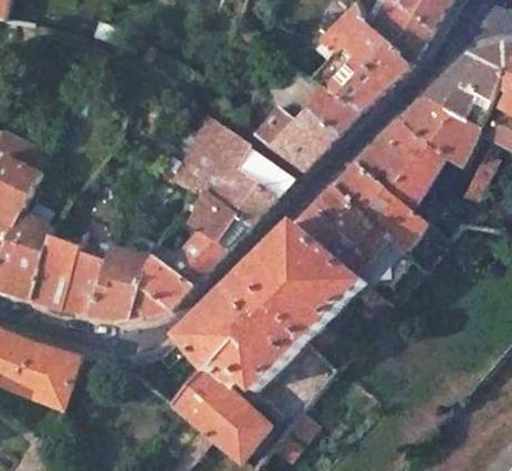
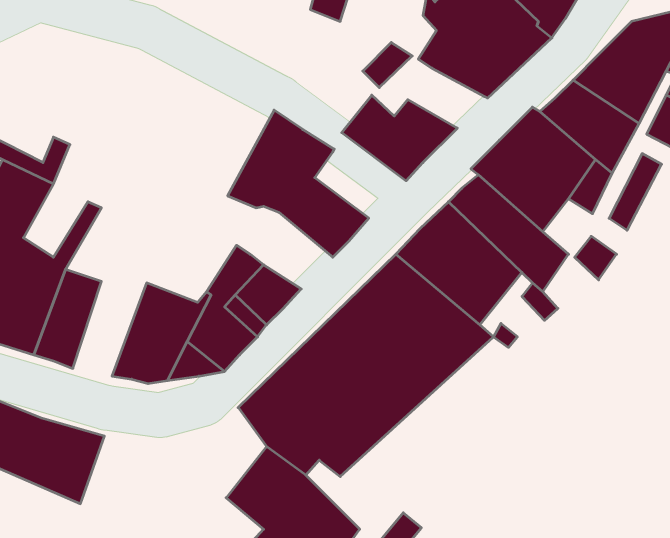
building: [304,85,361,129] -> none
building: [236,147,293,196] -> none
building: [188,191,249,248] -> none
building: [58,214,117,312] -> none

